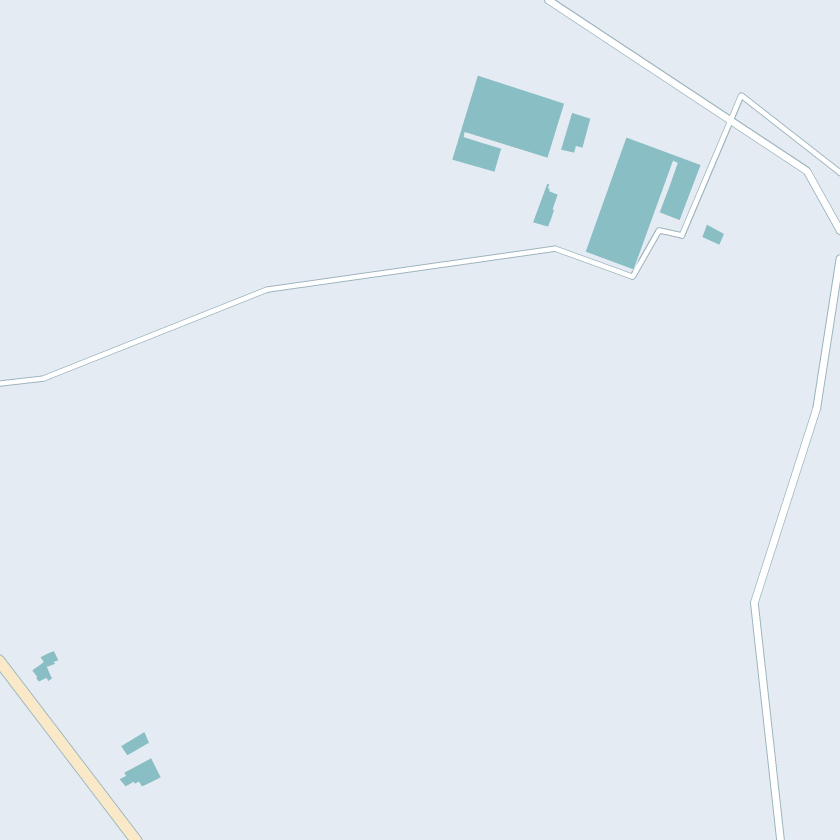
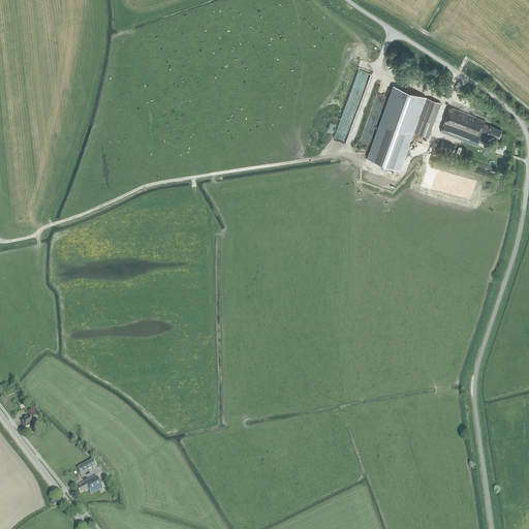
building: [452,75,565,173] -> none
building: none -> [439,105,500,148]

